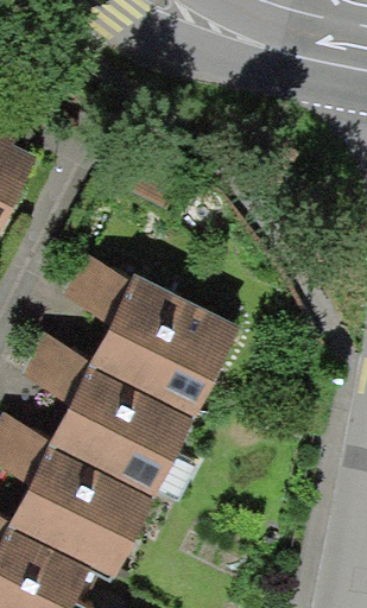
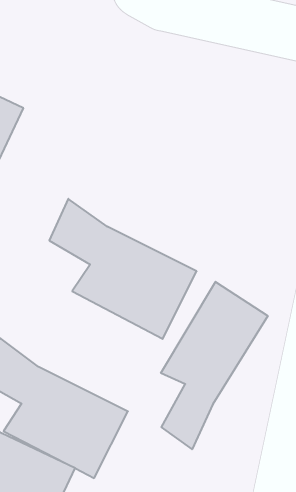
building: [23,334,198,501] -> none
building: none -> [161,282,268,449]

